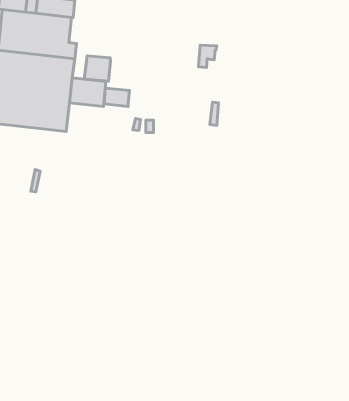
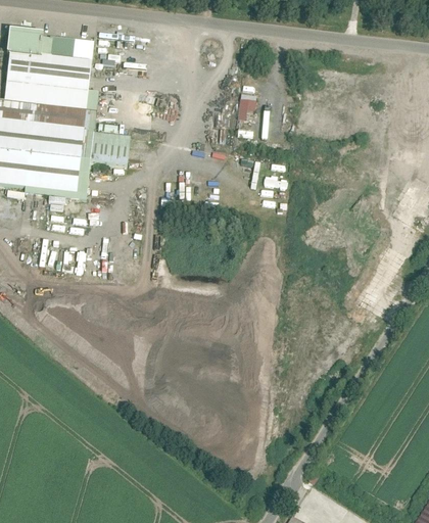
building: [84,56,110,81] -> none
building: [104,88,129,107] -> none

